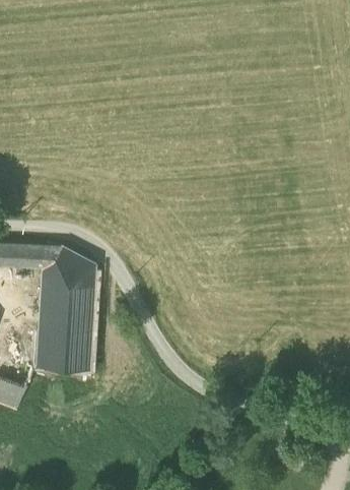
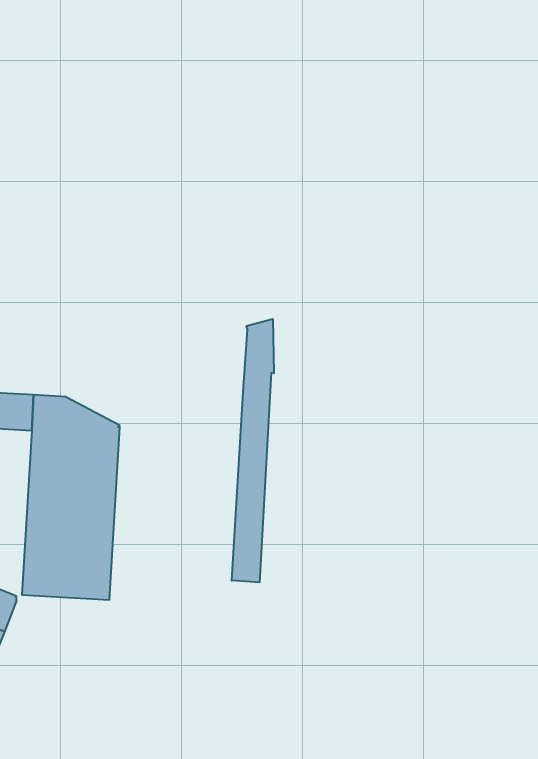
building: none -> [232,319,274,582]

